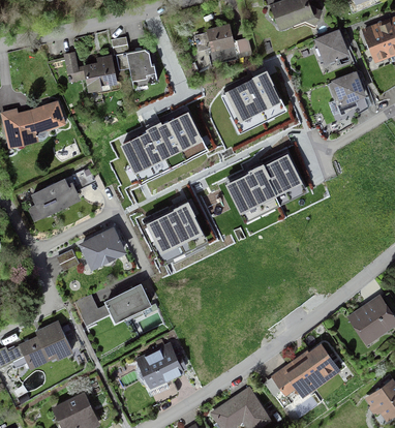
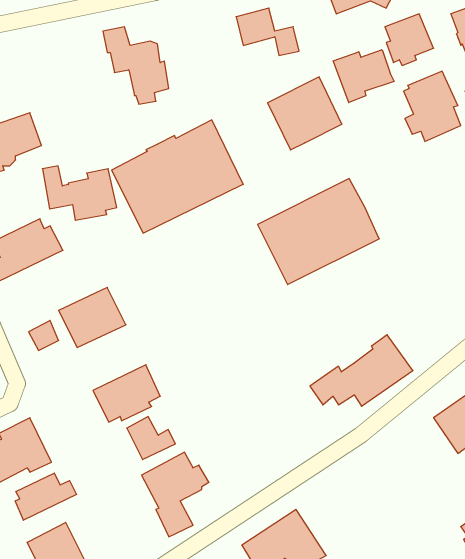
building: [63,53,117,92] -> [42,166,117,220]
building: none -> [333,50,394,103]
building: [149,207,203,258] -> none
building: [74,296,110,327] -> [127,417,175,460]
building: [264,346,338,398] -> [310,335,413,406]
building: none -> [15,473,77,520]

